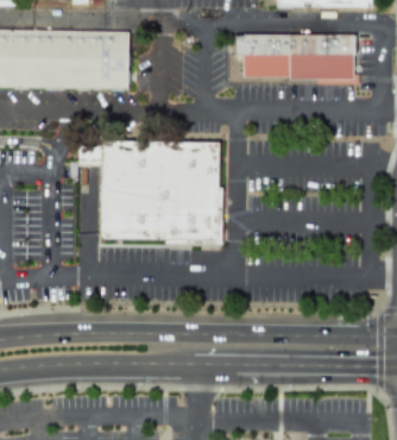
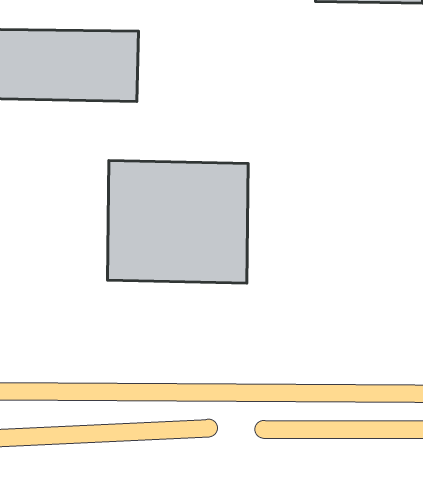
building: [233,37,353,78] -> none

